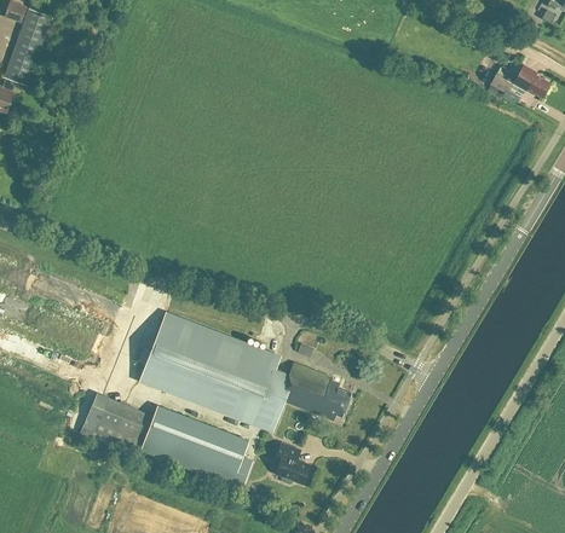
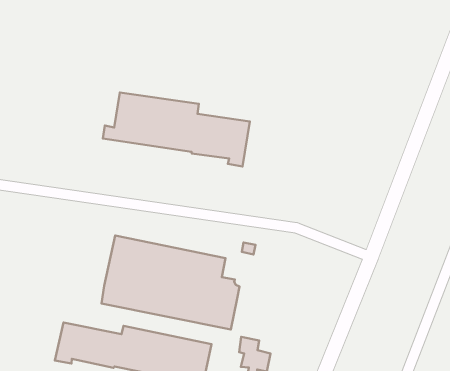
building: none -> [103,93,250,167]
building: [284,361,351,419] -> none

